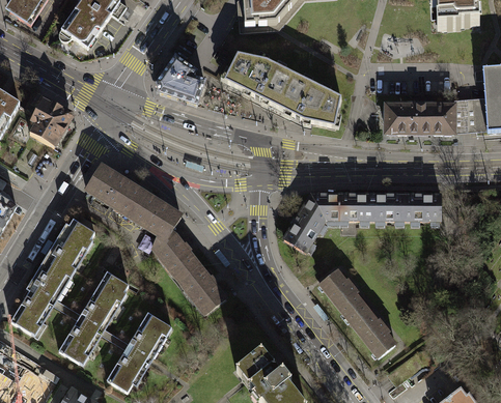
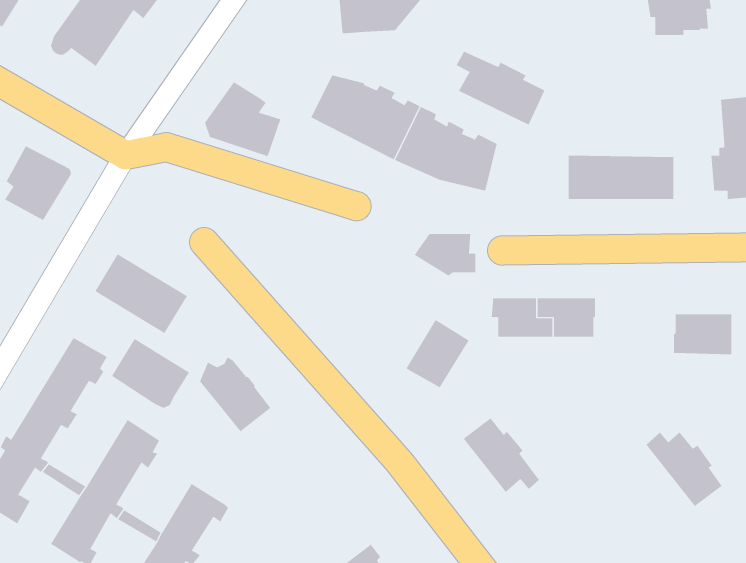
building: none -> [456,51,545,126]
building: [454,96,488,132] -> none
building: [132,193,182,237] -> [111,338,190,409]
building: [303,194,342,221] -> [414,234,476,276]
building: [403,194,441,220] -> [673,314,732,355]
building: [179,263,226,312] -> none
building: [347,309,396,356] -> [646,432,722,507]

